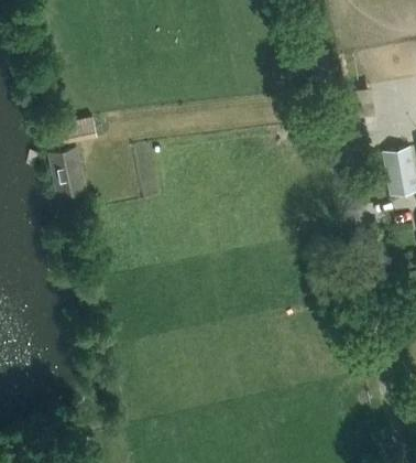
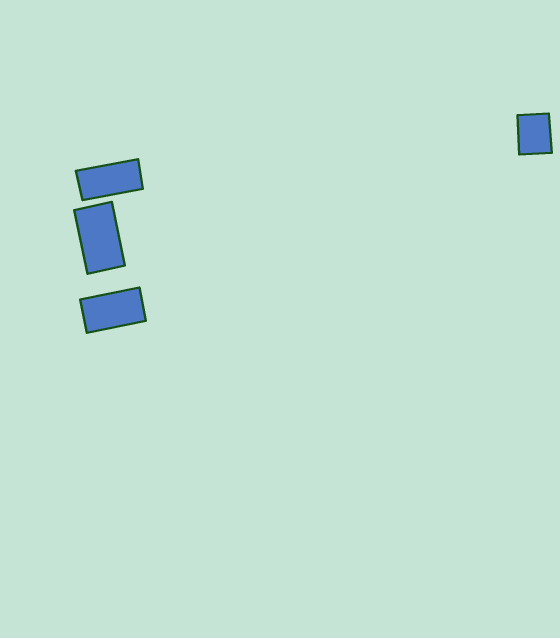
building: none -> [80,287,146,333]

